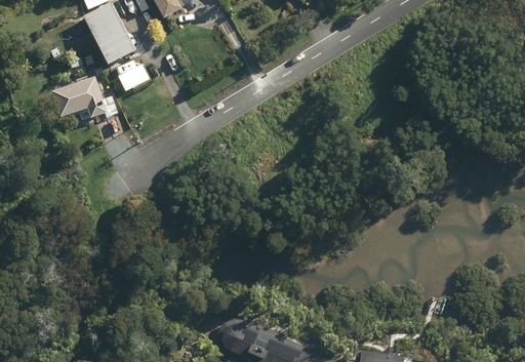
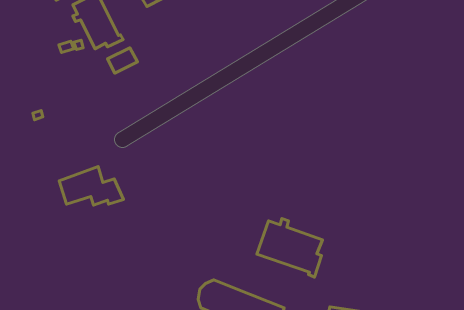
building: [51,75,122,117] -> [59,167,124,205]
building: none -> [257,218,322,277]

